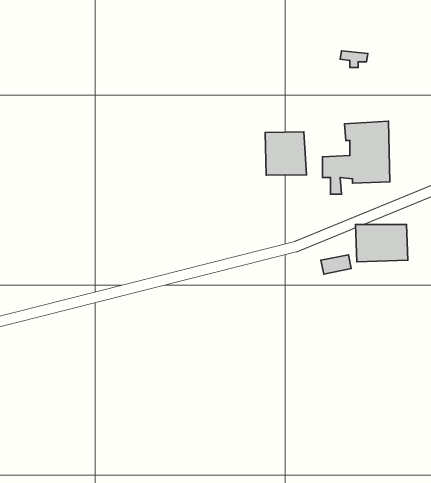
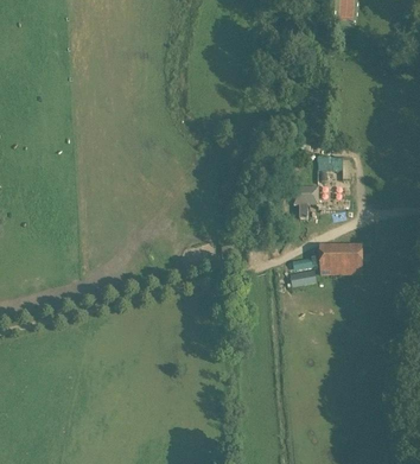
building: [265,132,306,175] -> none

